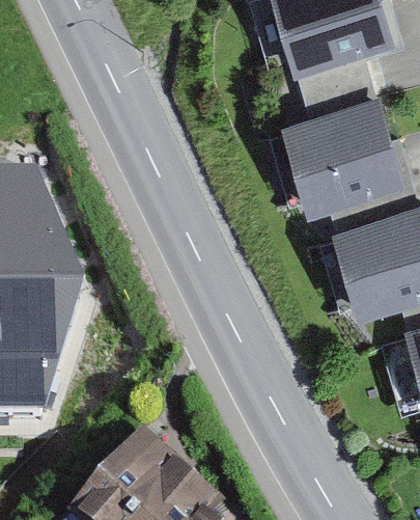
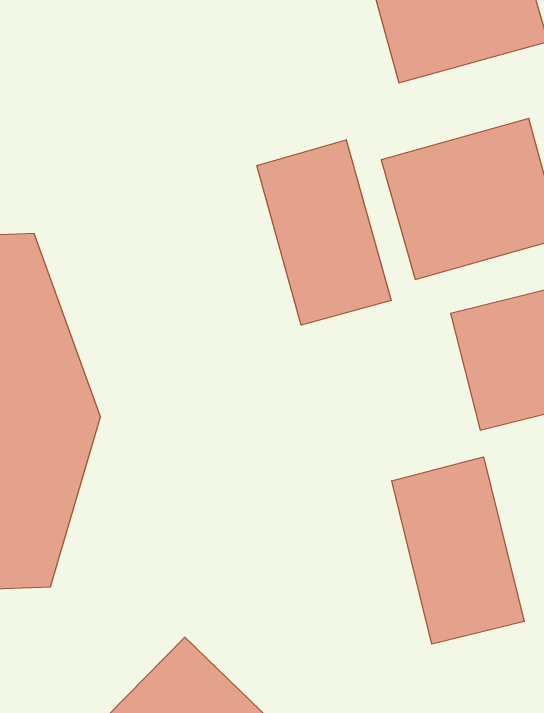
building: none -> [257,140,391,325]
building: none -> [392,457,524,644]

